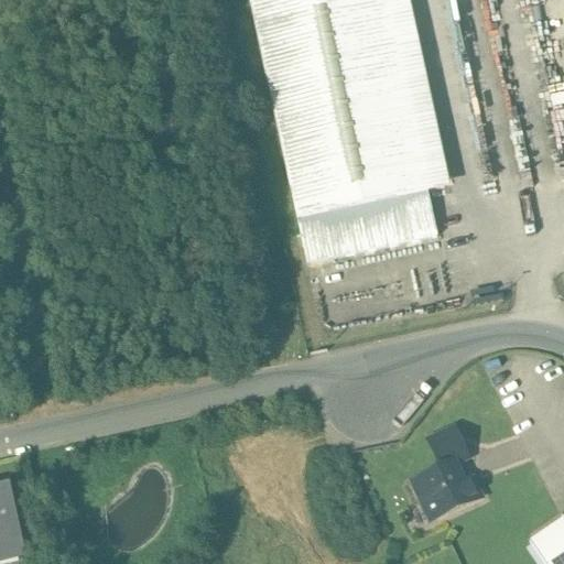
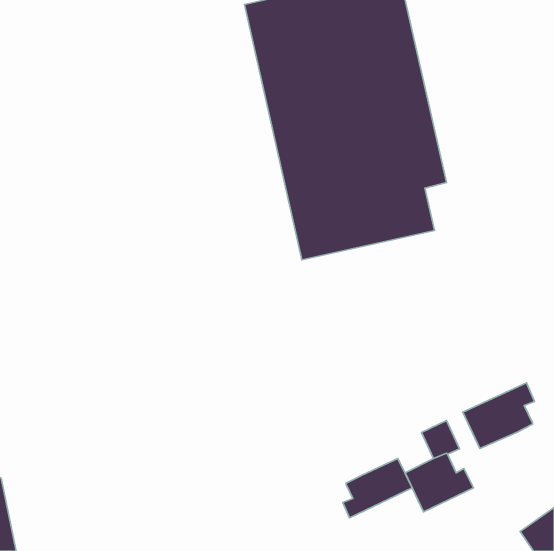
building: none -> [463,383,535,449]
building: none -> [343,458,412,518]

